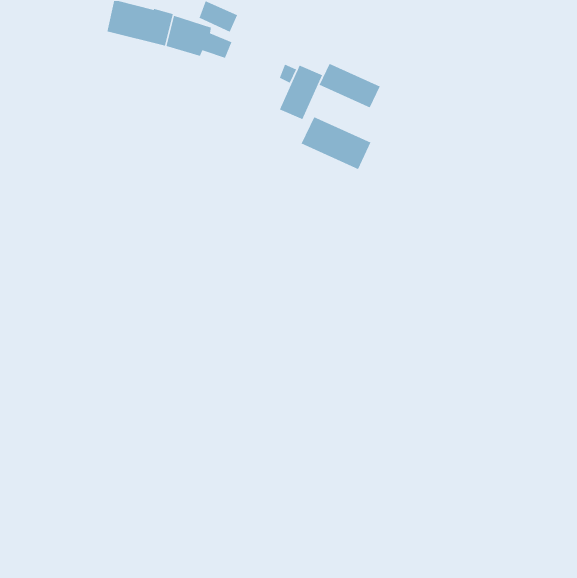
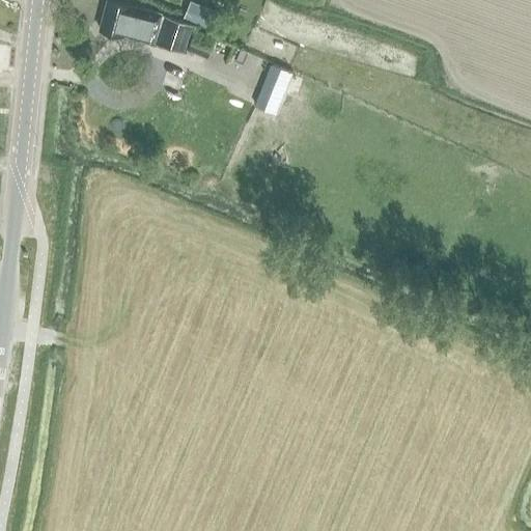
building: [318,63,381,108] -> none
building: [301,116,372,170] -> none

